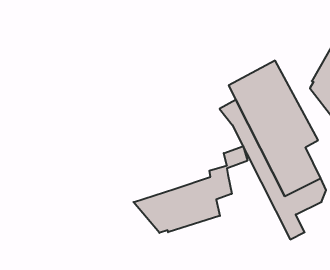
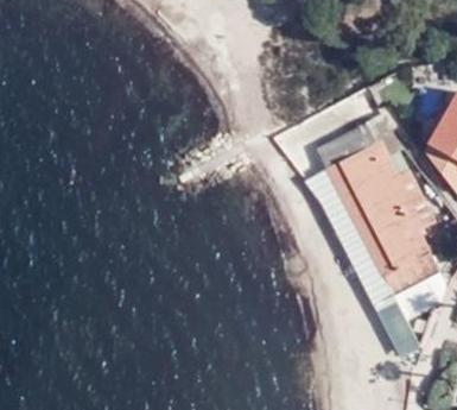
building: [133,146,247,233] -> none

